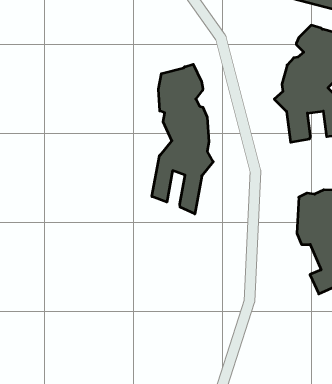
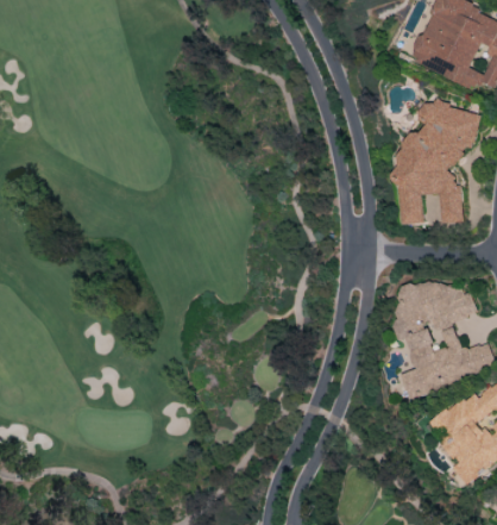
building: [152,64,213,214] -> none

